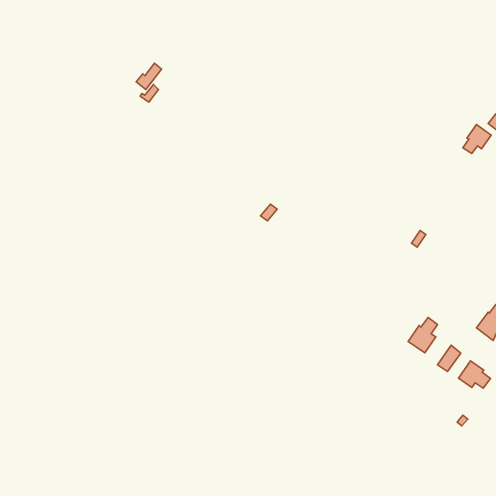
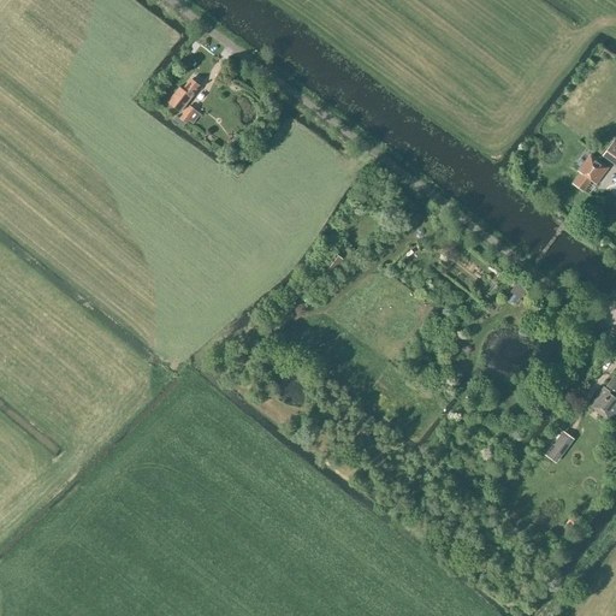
building: [408,318,438,353] -> none
building: [458,361,490,388] -> none

